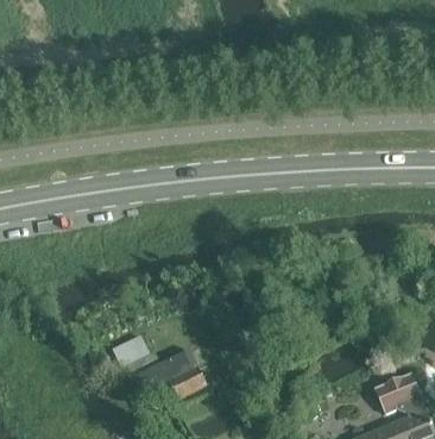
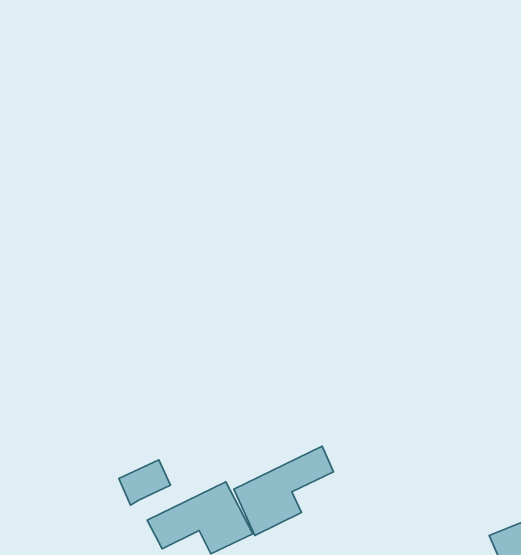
building: none -> [234,446,333,536]

